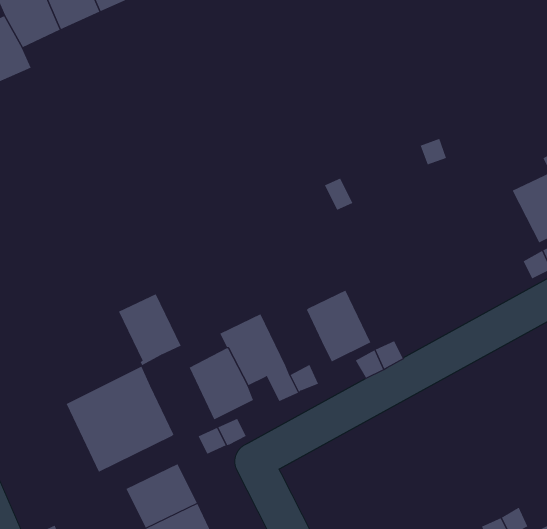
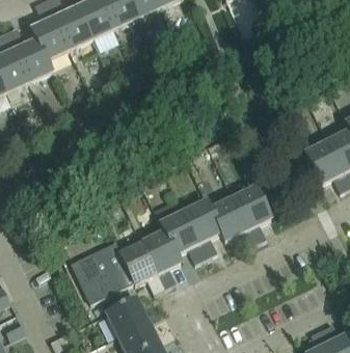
building: none -> [305,140,344,182]
building: none -> [233,186,270,227]
building: [118,294,181,366] -> [120,242,157,283]
building: none -> [184,199,220,241]

